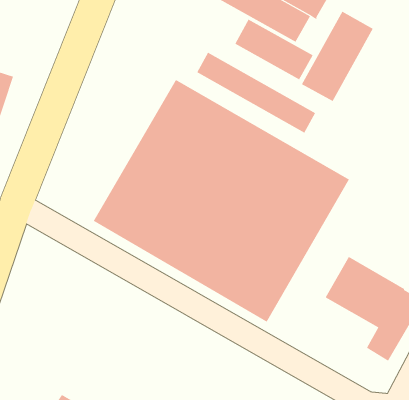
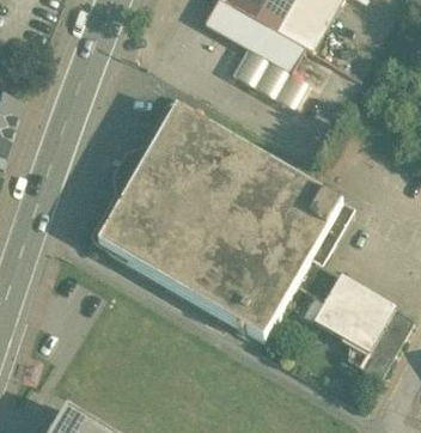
building: [301,11,374,102] -> none
building: [197,52,316,133] -> none

